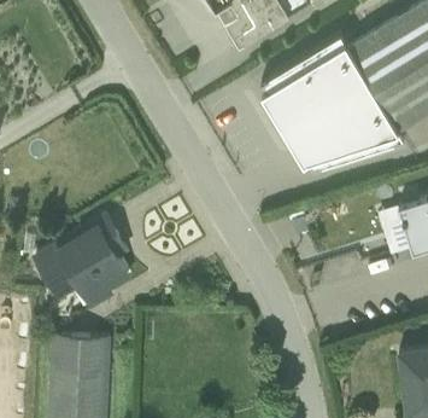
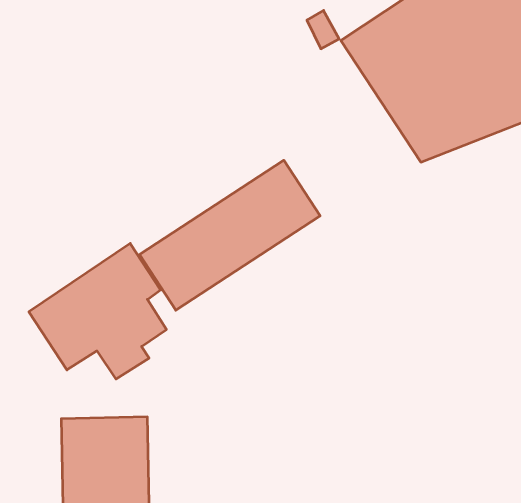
building: none -> [139,160,320,310]

